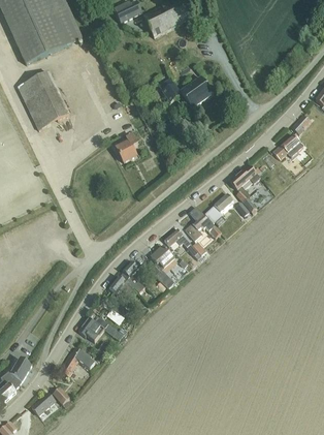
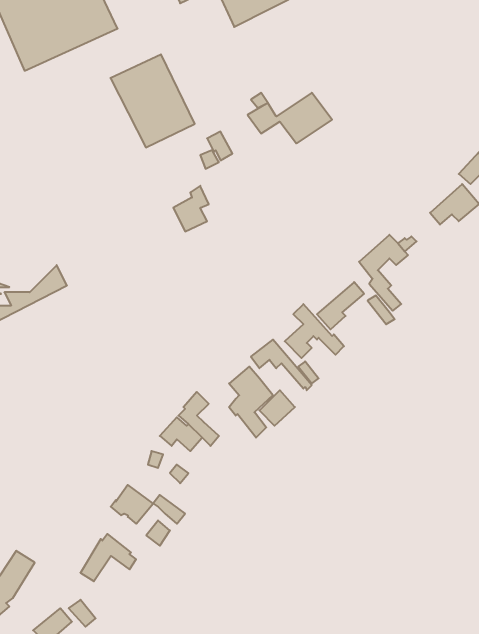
building: [18,71,69,128] -> [110,54,195,147]

